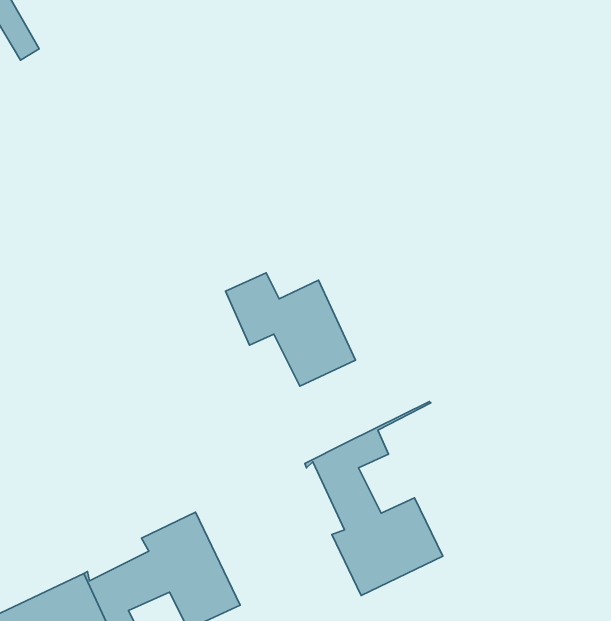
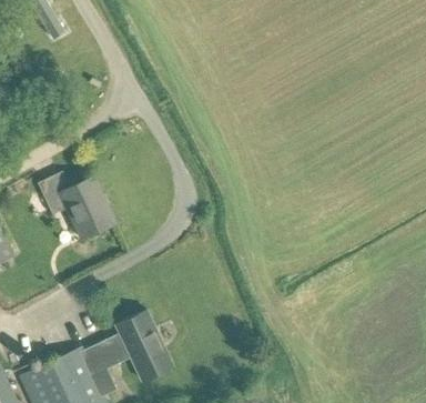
building: [225,273,356,386] -> [36,171,113,239]
building: [305,402,443,595] -> none

